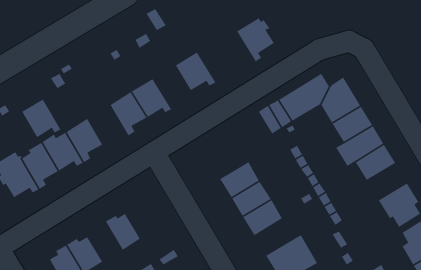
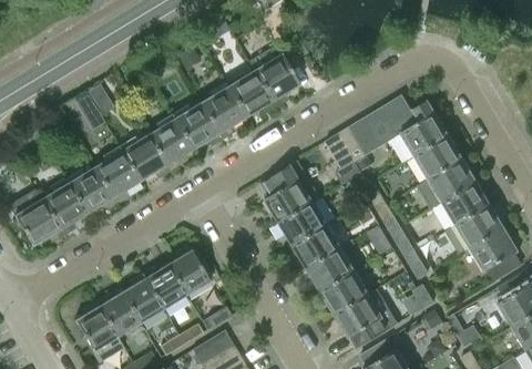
building: [236,17,275,63] -> [252,53,298,107]
building: none -> [198,86,244,140]
building: [21,99,62,138] -> [120,134,168,182]
building: none -> [259,161,314,223]
building: none -> [446,204,504,254]
building: none -> [165,247,208,295]
building: none -> [320,270,369,315]
building: none -> [120,274,162,322]

